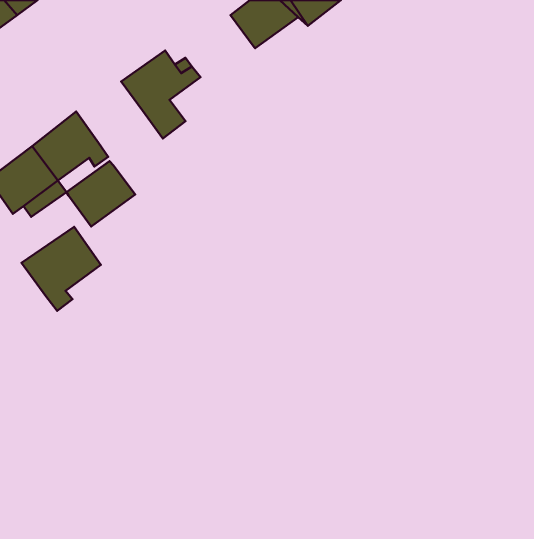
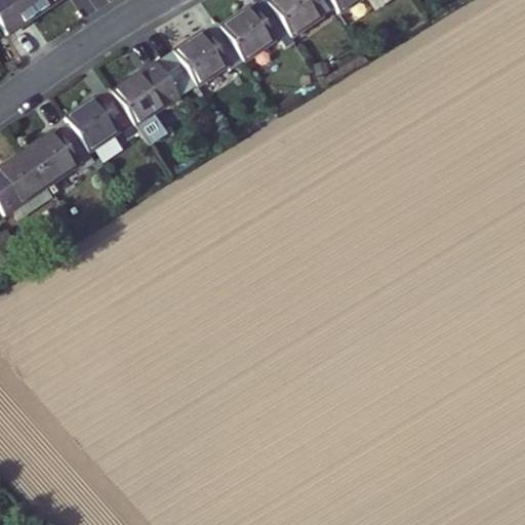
building: none -> [175,17,243,79]
building: [66,161,135,227] -> [71,83,136,146]
building: [21,227,101,311] -> none

